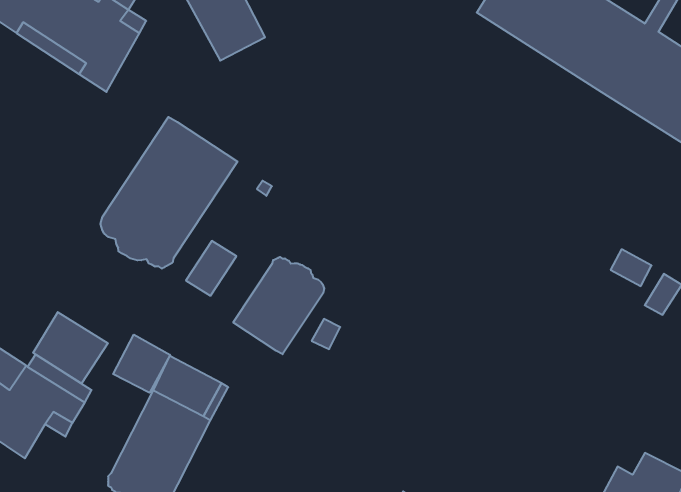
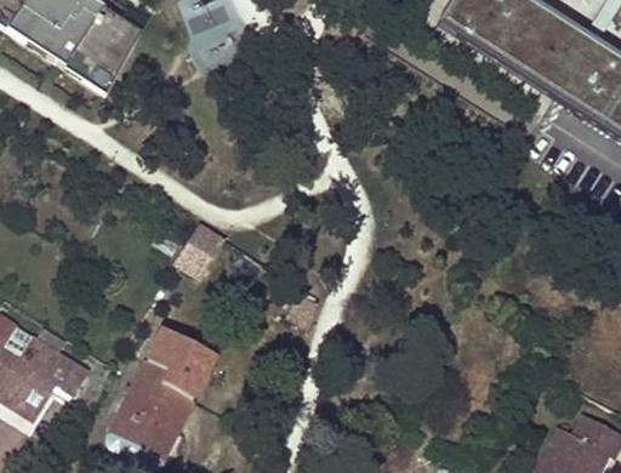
building: [101,117,237,269] -> none
building: [233,257,324,354] -> none
building: [33,312,108,384] -> none
building: [113,335,170,393] -> none

